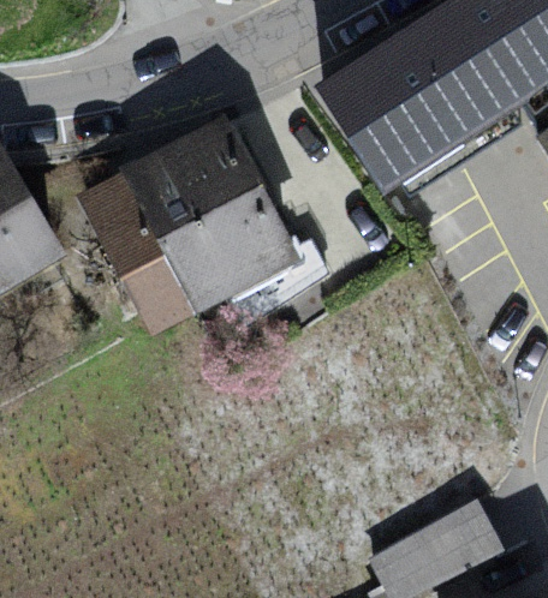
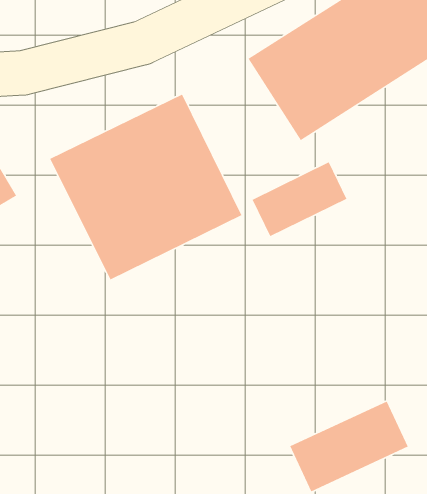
building: none -> [251,161,348,237]

